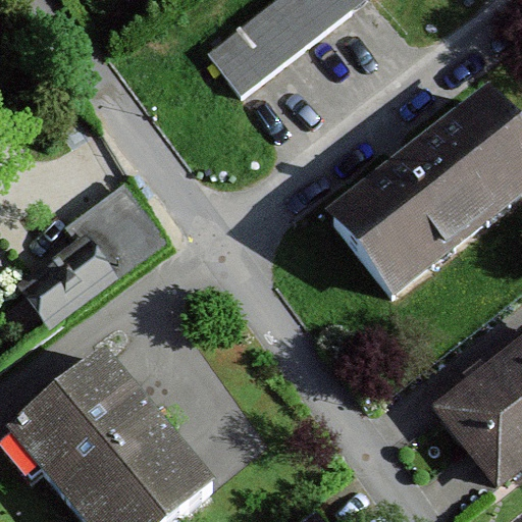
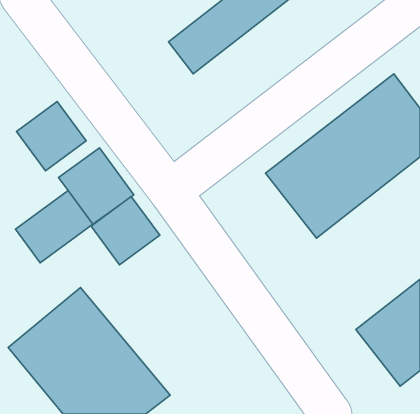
building: none -> [17,102,86,171]
building: none -> [91,197,160,265]

